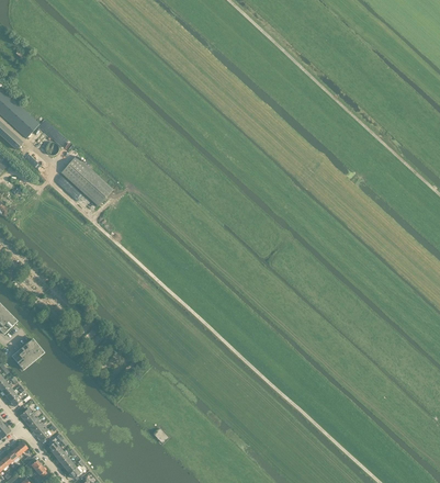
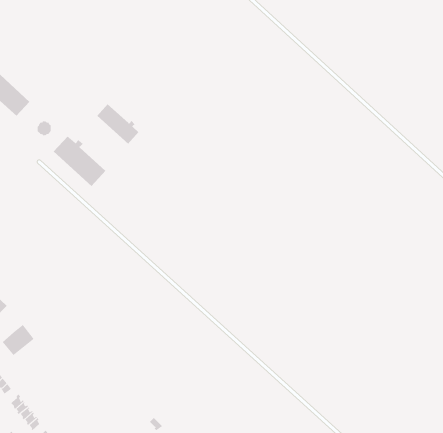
building: none -> [97,103,139,145]

